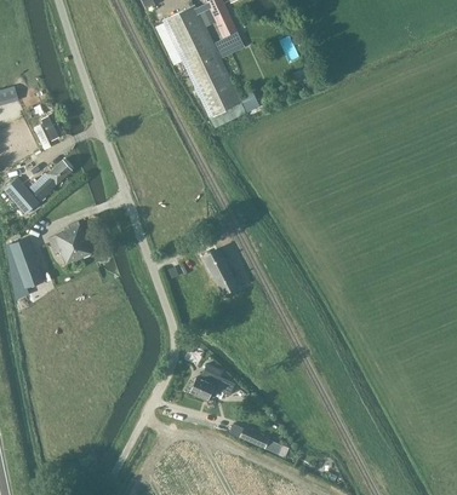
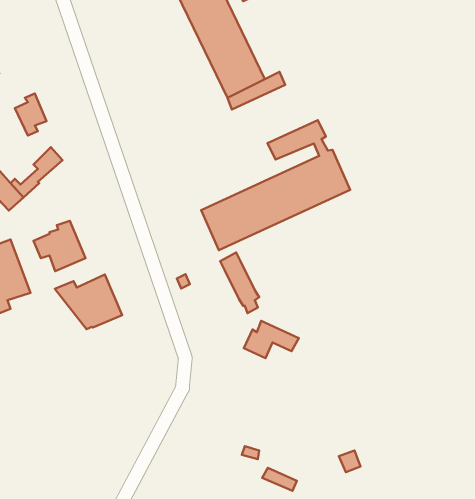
building: none -> [201,120,350,250]
building: none -> [55,274,122,329]
building: [190,368,236,399] -> [244,321,299,358]

